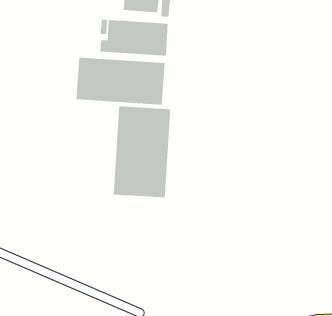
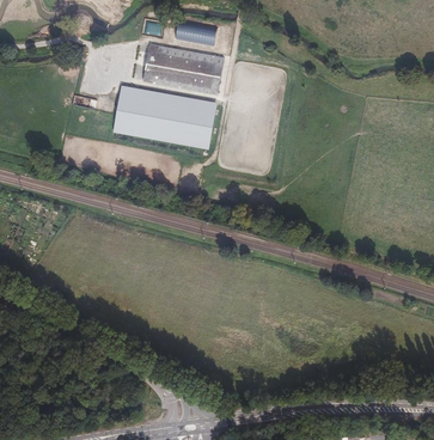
building: [113,106,171,198] -> none

